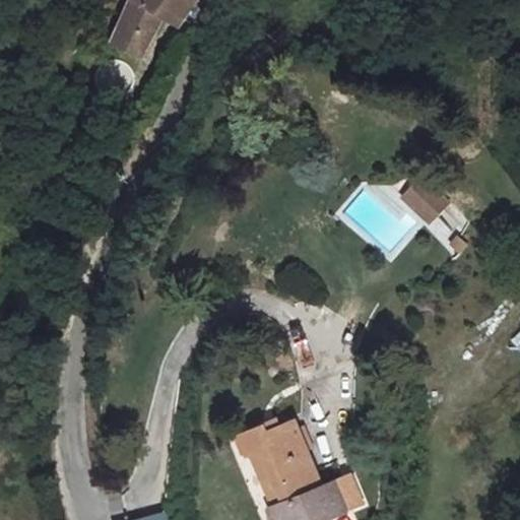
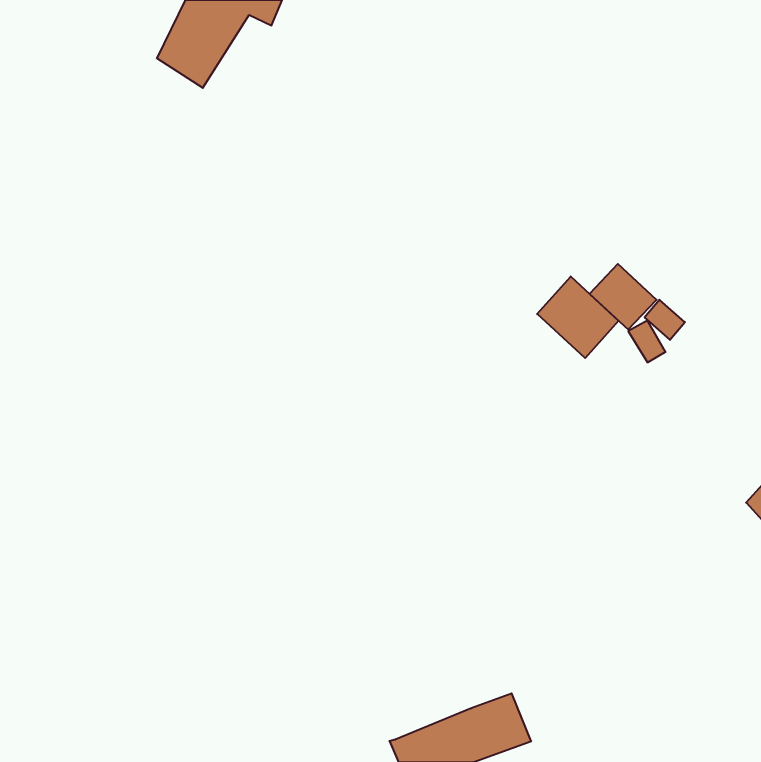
building: none -> [537,276,619,358]
building: [242,418,322,504] -> none

